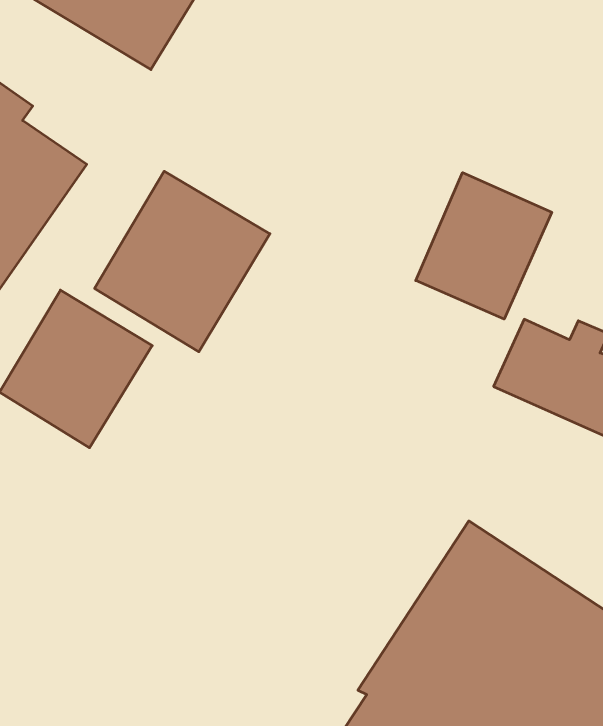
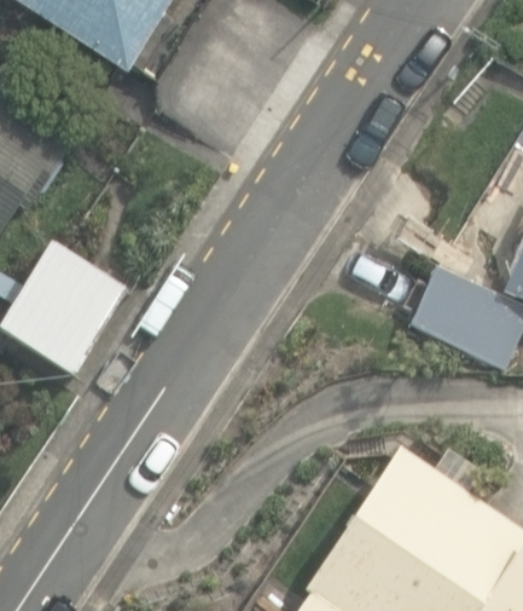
building: [95,171,270,352] -> none
building: [416,173,552,319] -> none

